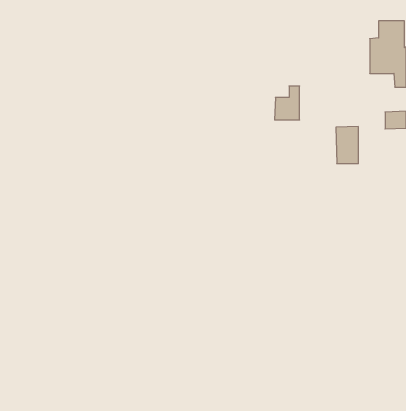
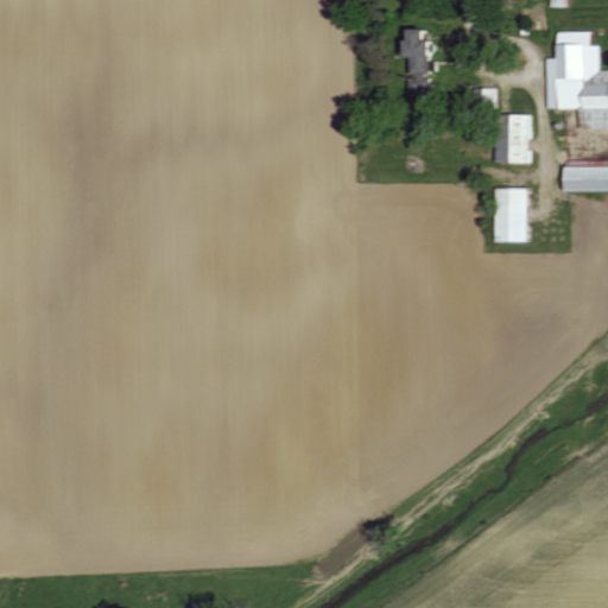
building: none -> [410,28,437,75]
building: [275,86,300,120] -> [493,114,530,164]

